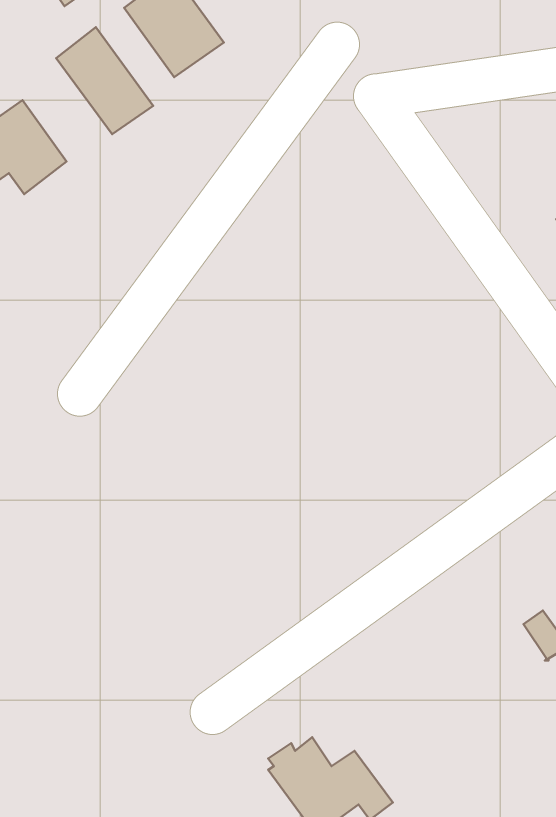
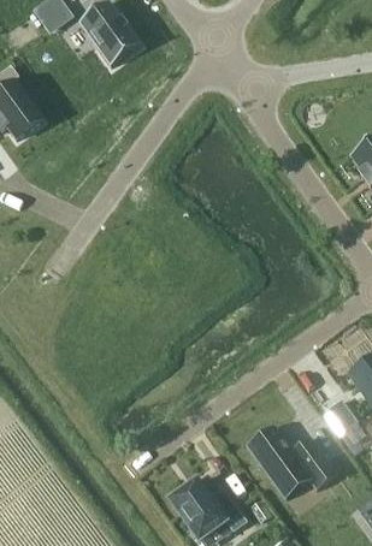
building: [56,27,153,134] -> none
building: none -> [247,425,338,499]

